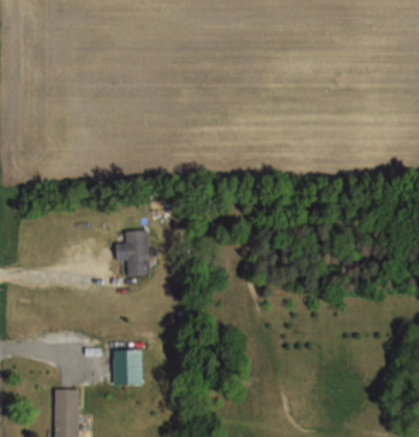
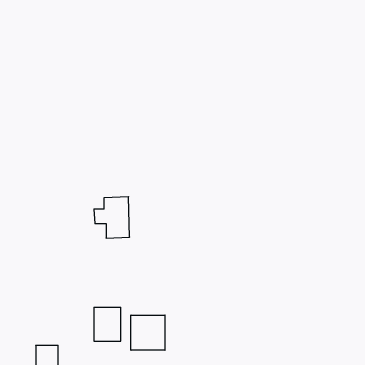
building: none -> [131,315,165,350]

